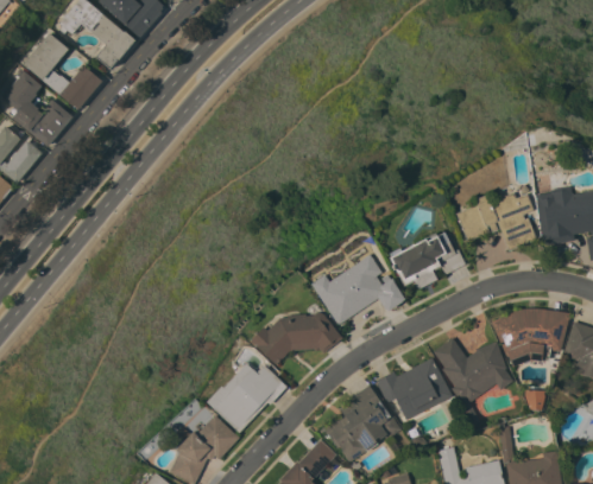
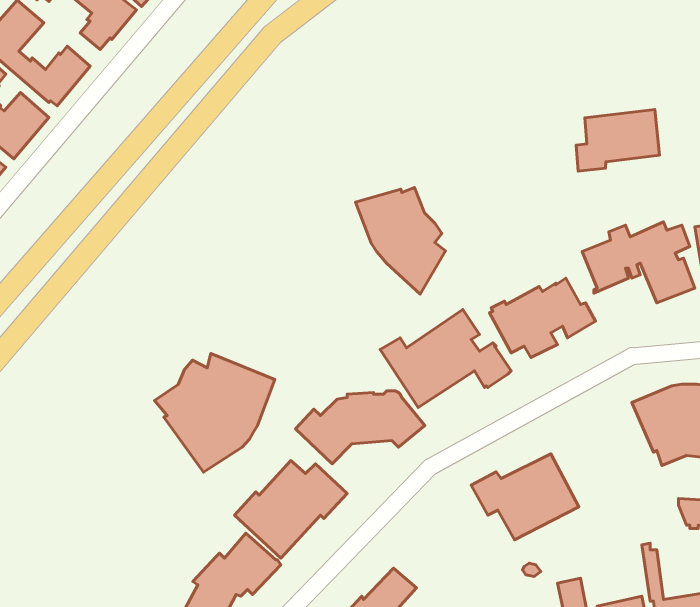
building: none -> [576,109,660,171]
building: none -> [356,188,445,294]
building: none -> [154,353,275,472]
building: [433,338,513,426] -> none
building: [320,386,402,463] -> none

